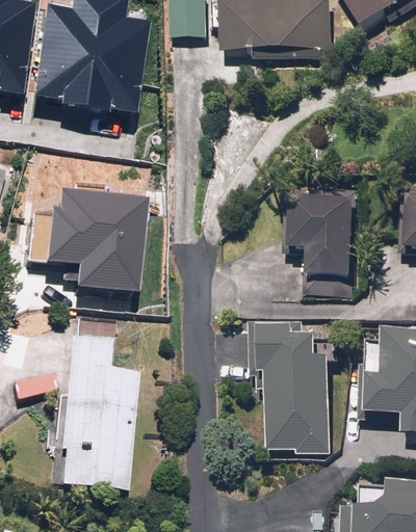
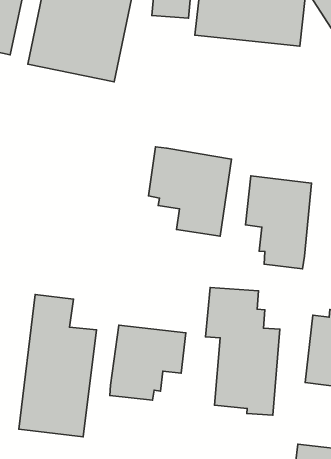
building: none -> [148,147,231,236]
building: [40,193,147,283] -> none
building: none -> [110,325,186,400]

